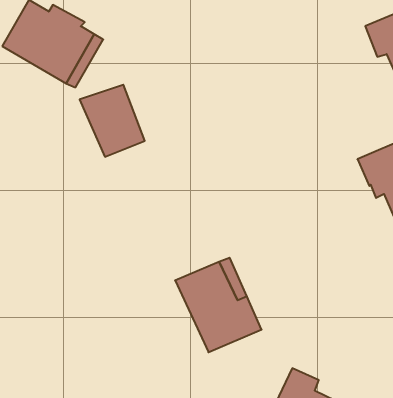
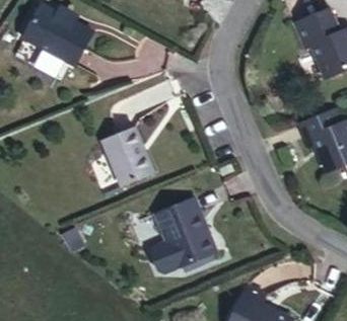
building: [80,85,145,157] -> [95,127,145,181]

